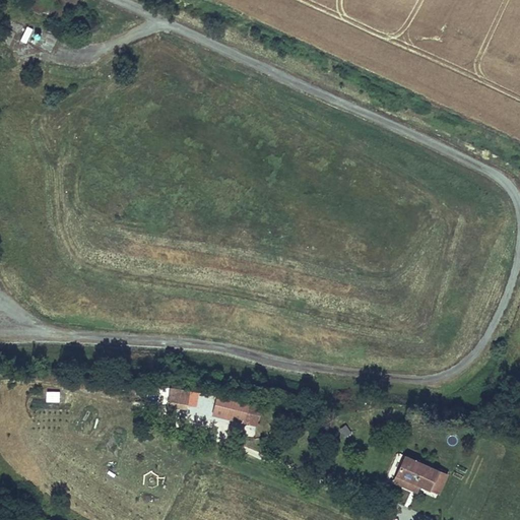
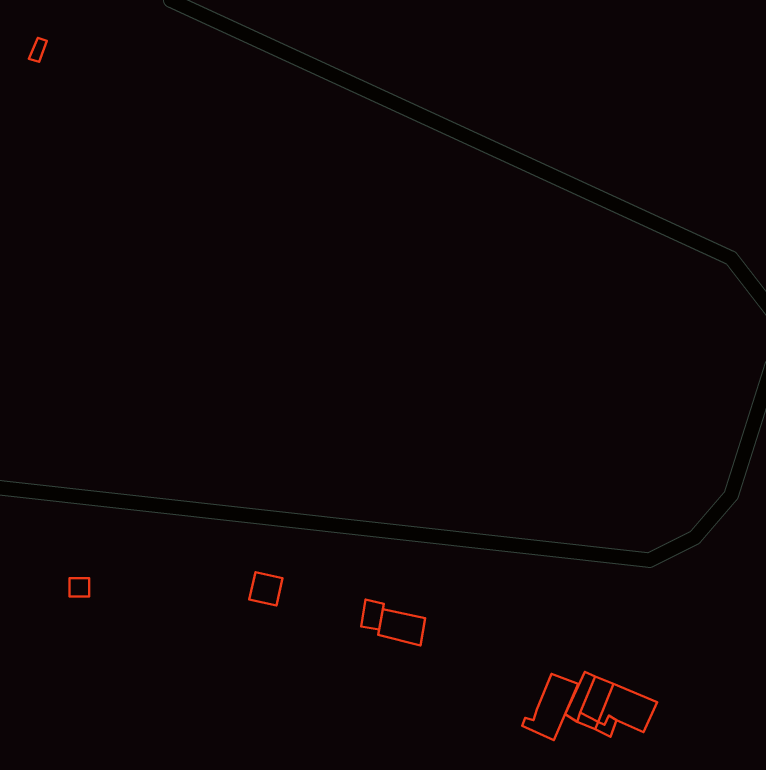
building: [218,398,250,422] -> [378,609,425,645]
building: none -> [522,674,578,740]

